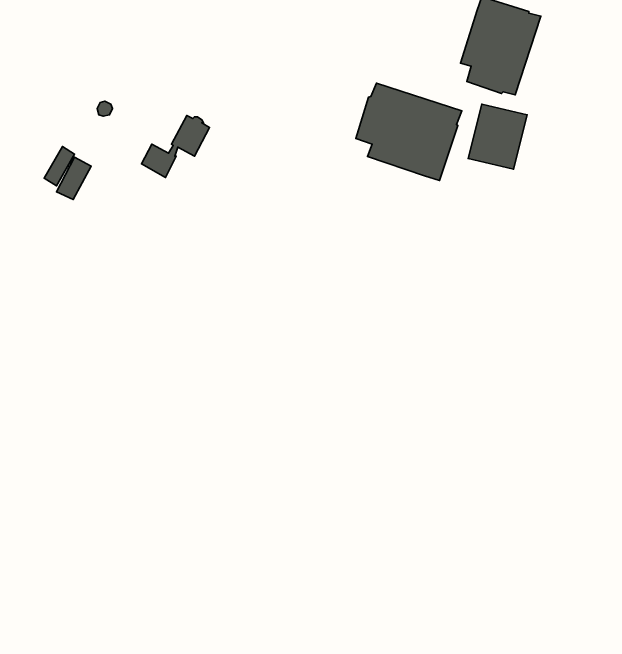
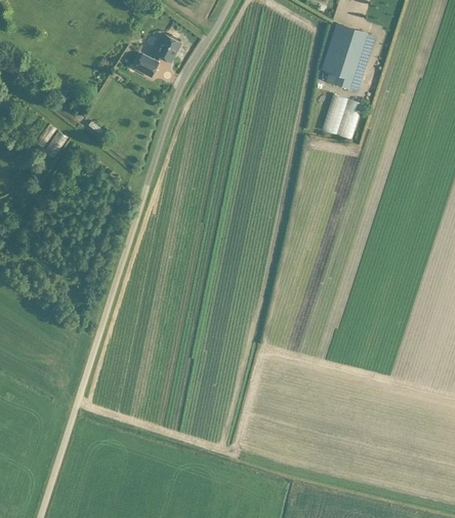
building: [356,83,462,181] -> none
building: [141,115,209,177] -> [133,34,179,76]

